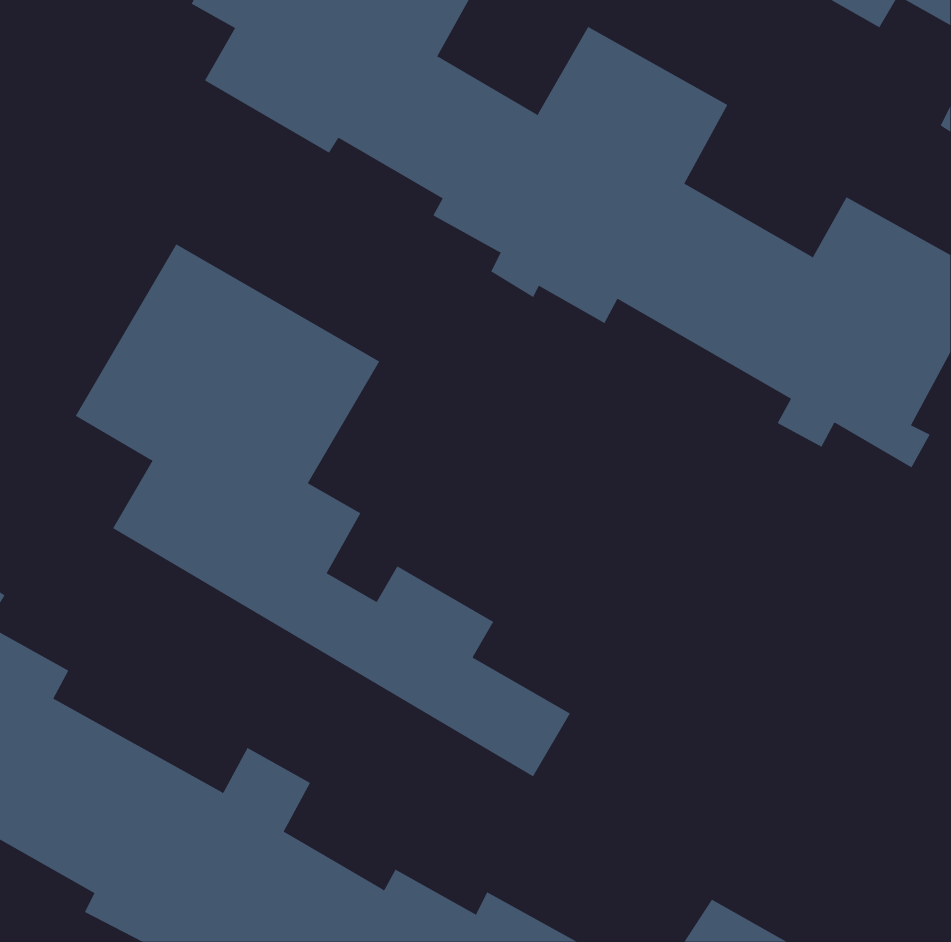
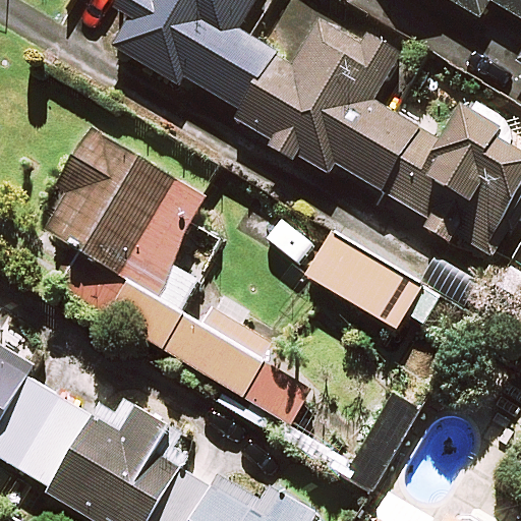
building: none -> [308,233,436,327]

